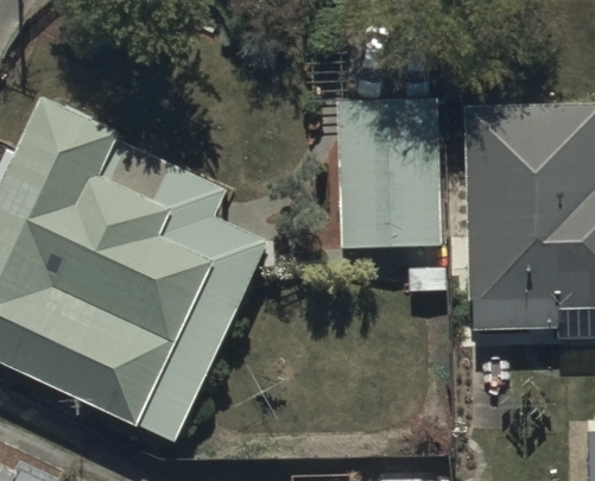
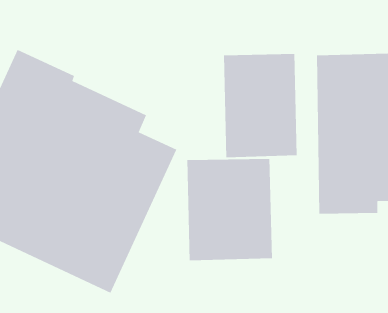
building: none -> [187,158,272,261]

